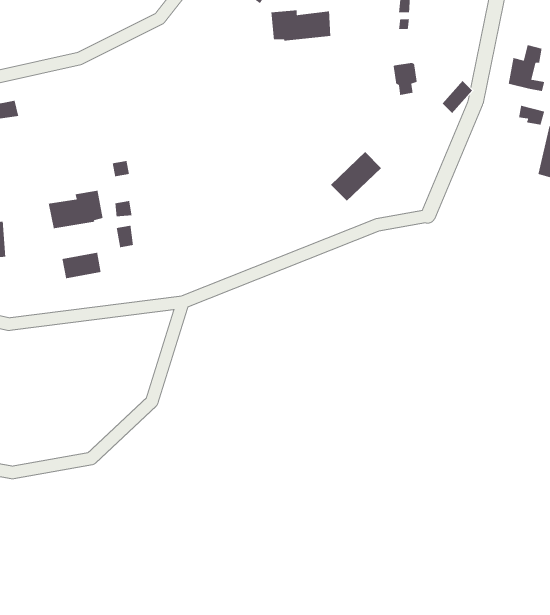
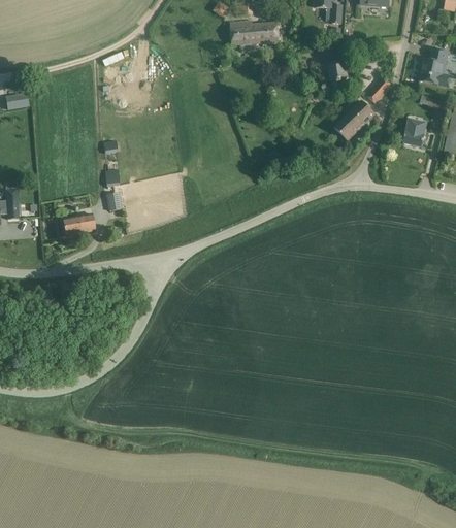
building: none -> [404,118,427,145]
building: [330,151,382,202] -> [334,99,376,139]
building: [48,190,103,229] -> none

